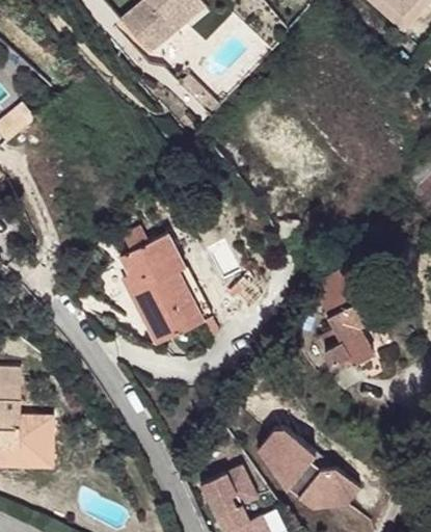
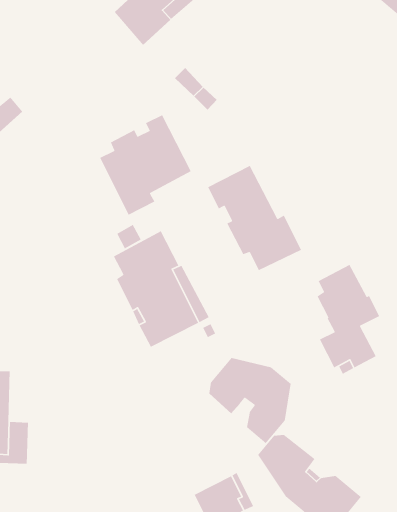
building: none -> [99,114,192,216]
building: none -> [207,165,302,271]
building: none -> [208,357,291,444]

